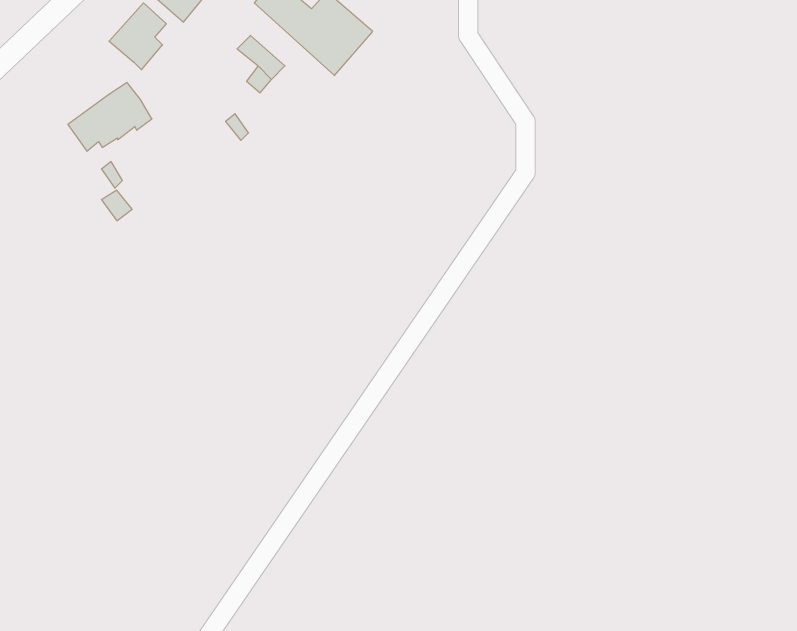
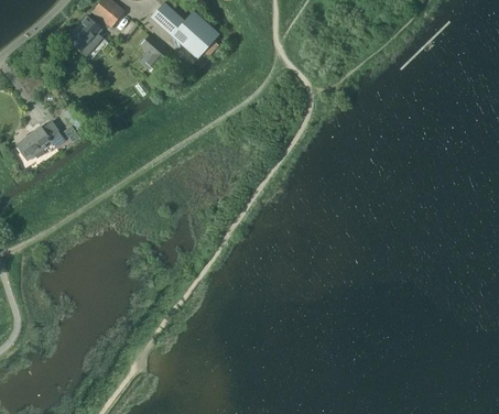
building: [68,82,152,151] -> [15,120,64,160]

